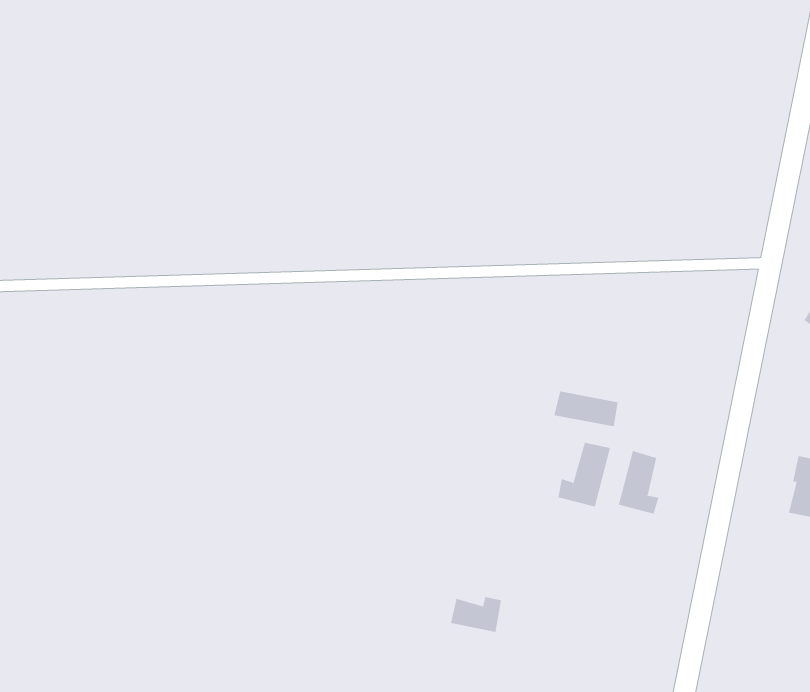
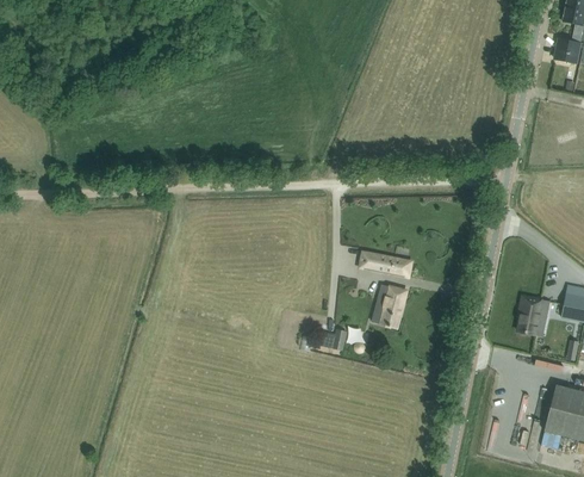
building: [618,450,659,514] -> none
building: [450,596,502,633] -> [315,328,347,351]

